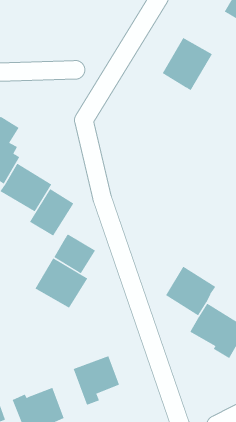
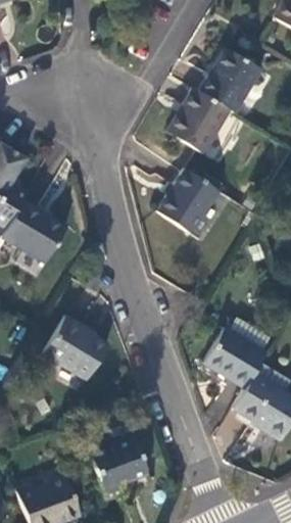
building: none -> [166,87,230,152]
building: none -> [158,169,223,235]
building: [29,188,74,237] -> none
building: [54,234,96,274] -> none

